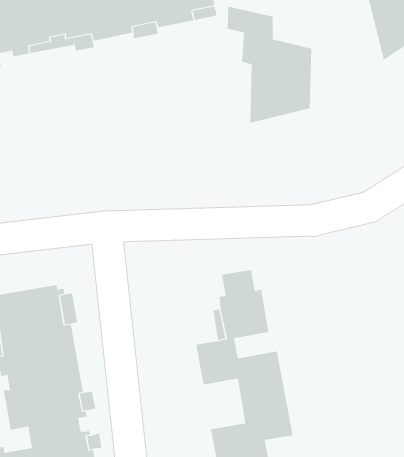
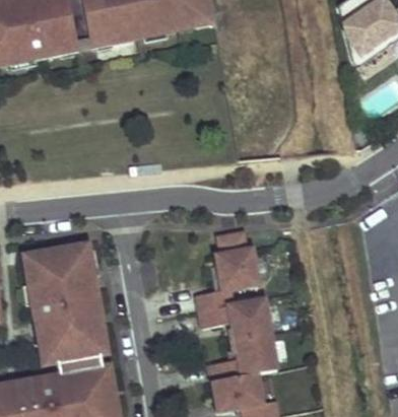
building: [227,6,312,123] -> none

